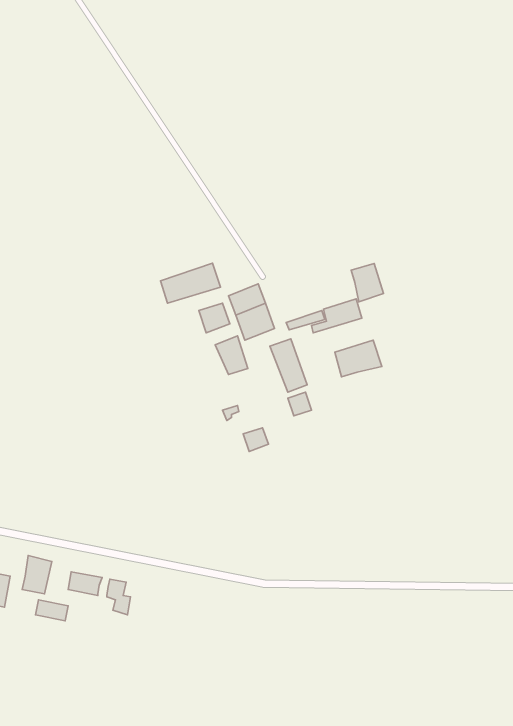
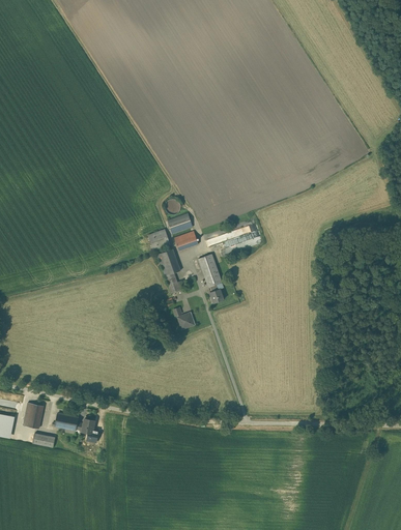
building: [161,263,220,303] -> none
building: [351,264,383,302] -> none
building: [335,340,382,377] -> none

